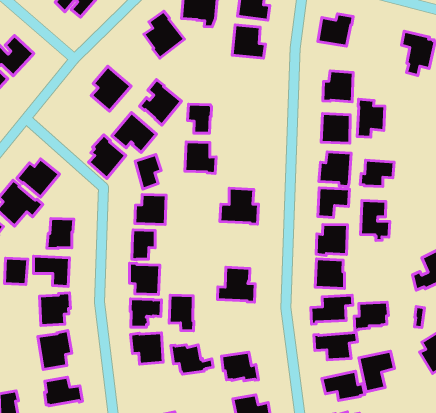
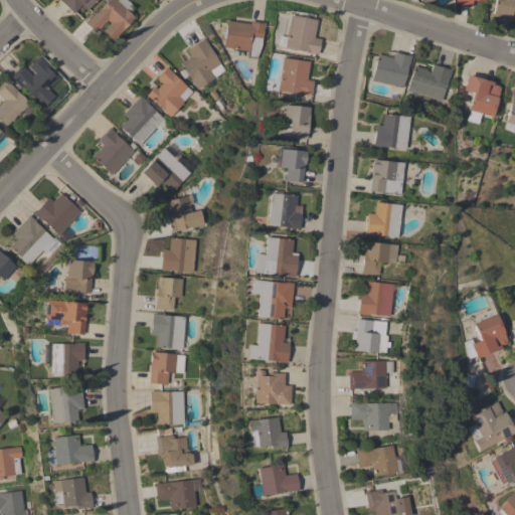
building: none -> [409,64,454,102]
building: none -> [283,105,312,139]
building: [140,79,182,125] -> [148,66,194,117]
building: [357,99,385,137] -> none
building: [188,104,212,133] -> [281,149,308,182]
building: [89,135,126,179] -> [94,127,135,175]
building: [185,142,216,173] -> [269,193,304,229]
building: [360,160,394,186] -> none
building: [360,201,390,241] -> none
building: none -> [252,280,295,320]
building: [4,258,28,284] -> none
building: [169,295,194,331] -> none
building: [354,302,388,330] -> none
building: none -> [255,372,288,403]
building: [171,345,213,374] -> [157,436,202,468]
building: [359,351,395,392] -> none

